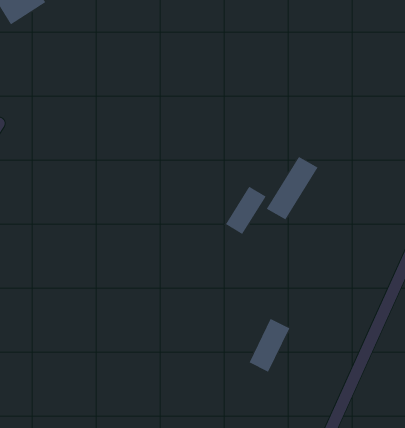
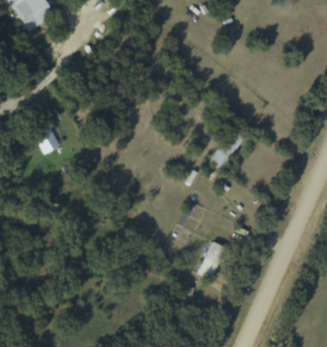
building: none -> [31,123,60,153]
building: [225,186,266,235] -> none

